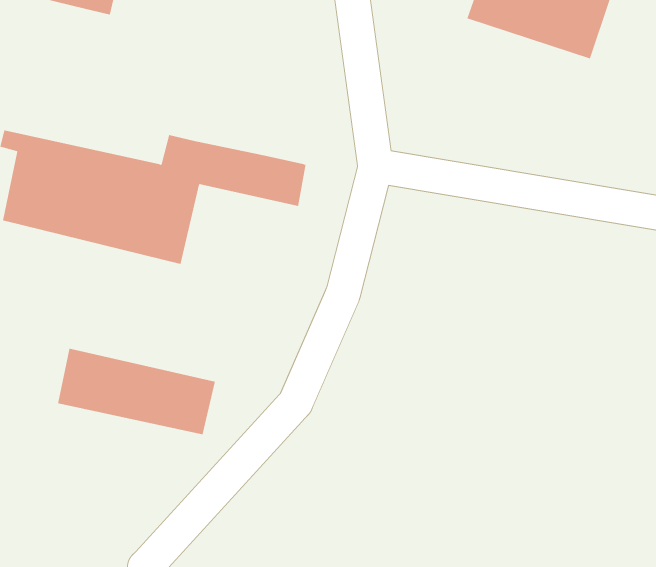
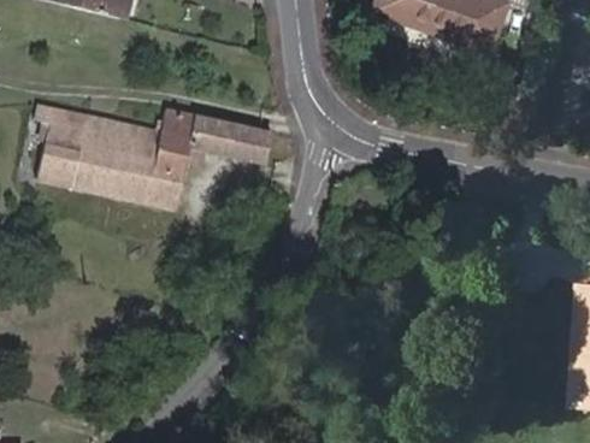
building: [57,348,215,435] -> none

